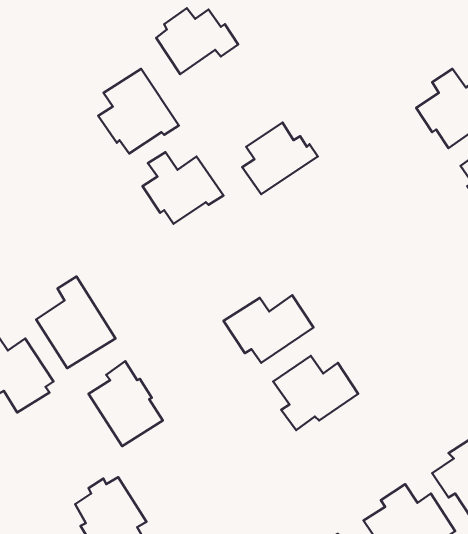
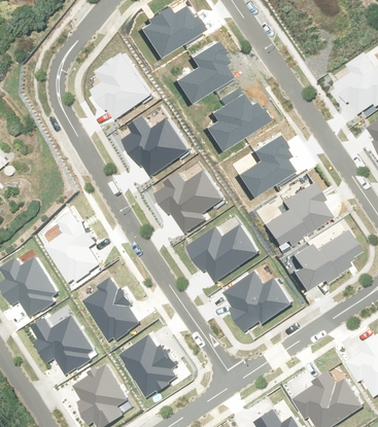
building: none -> [170,43,227,103]
building: none -> [233,138,288,197]
building: none -> [154,172,221,230]
building: none -> [262,184,328,246]
building: none -> [287,232,353,292]
building: none -> [32,317,94,373]
building: none -> [121,335,177,394]

